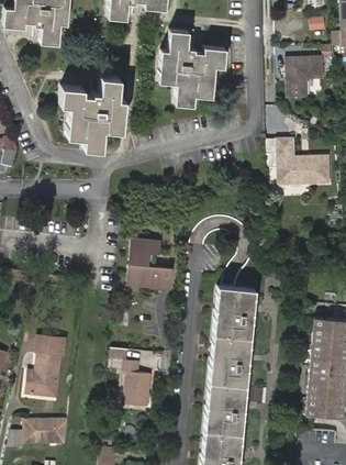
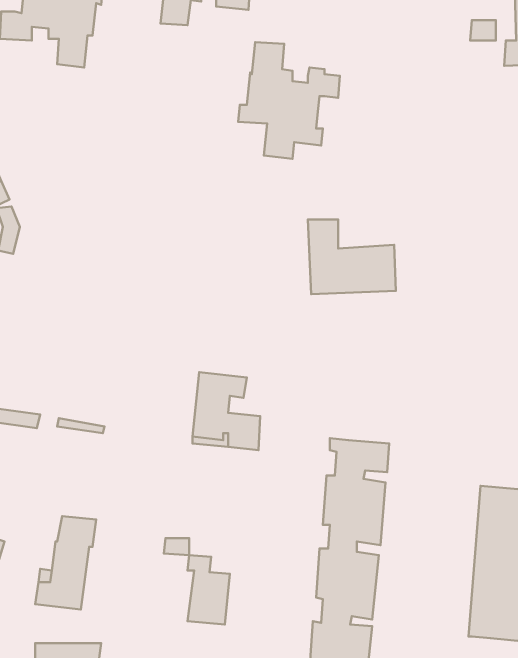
building: [284,54,323,98] -> none
building: [60,77,123,148] -> none
building: [276,136,333,185] -> [308,220,396,294]

